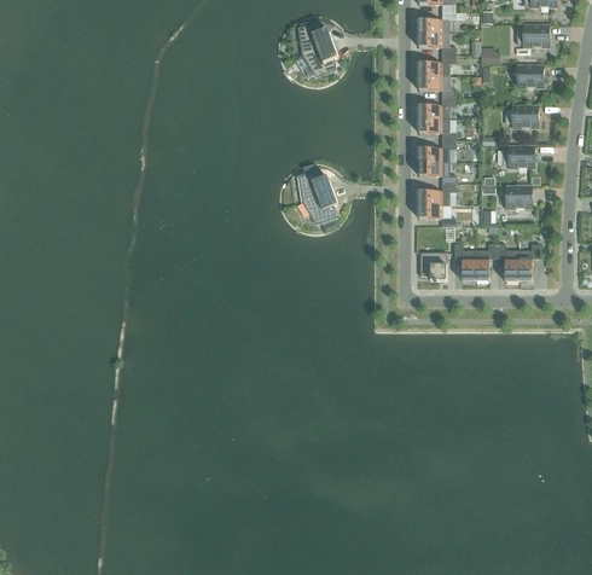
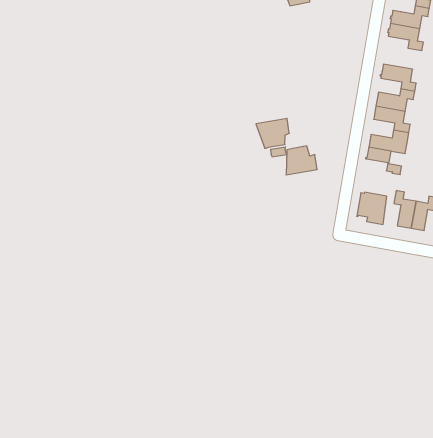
building: [419,98,455,118] -> none
building: [298,168,332,201] -> [286,146,317,175]

